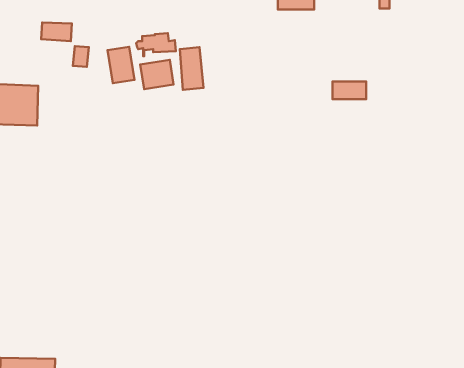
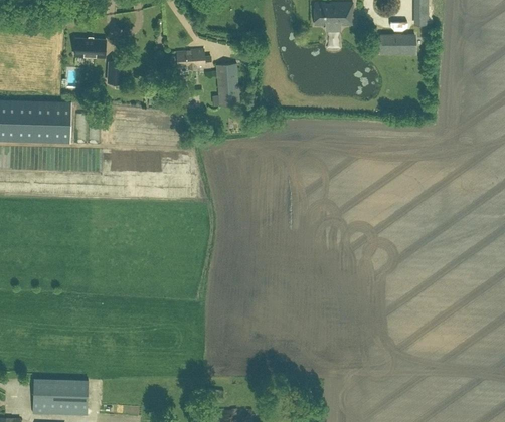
building: [108,47,134,83] -> none
building: [140,60,174,89] -> none
building: [333,82,366,99] -> [379,36,413,54]

